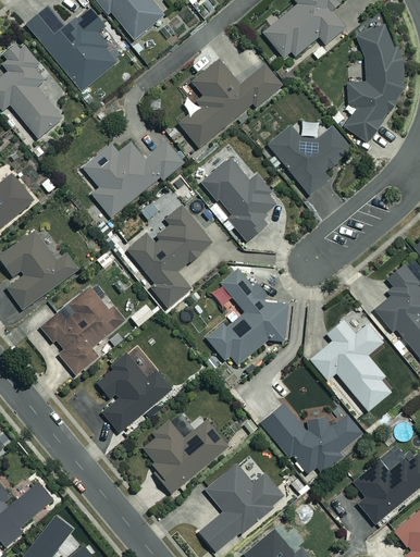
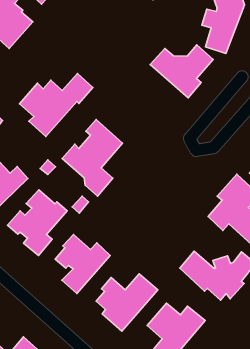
building: [178,61,281,149] -> none
building: [201,150,277,240] -> none
building: [207,268,288,363] -> none

